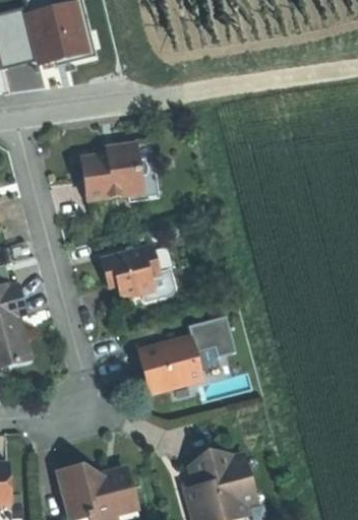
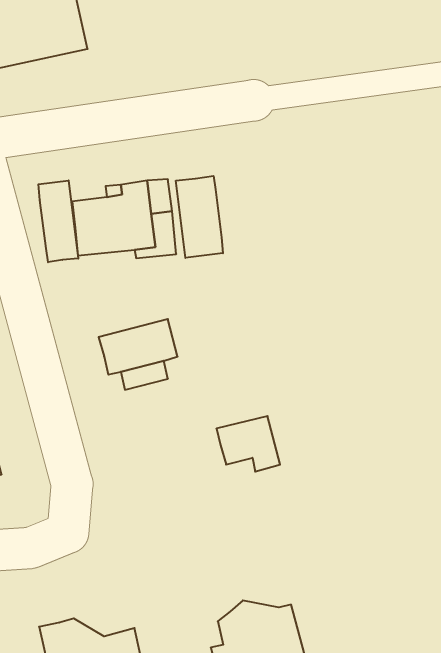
building: none -> [176,176,223,258]
building: none -> [38,180,78,262]
building: [136,338,200,392] -> none

